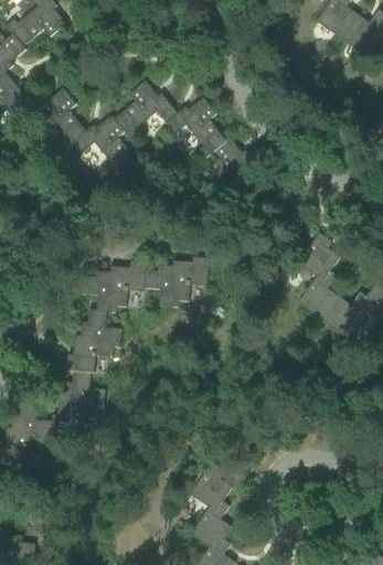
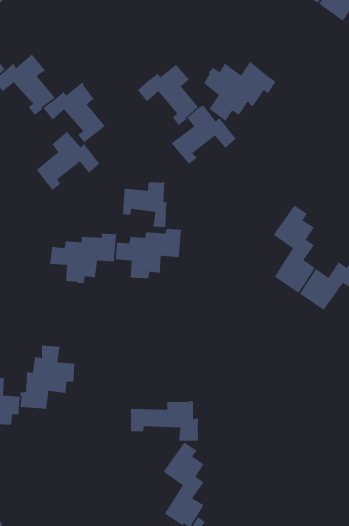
building: [114,81,177,139] -> [36,131,100,191]
building: none -> [203,61,277,122]
building: none -> [122,181,168,228]
building: [65,309,120,372] -> none
building: none -> [130,400,199,442]

